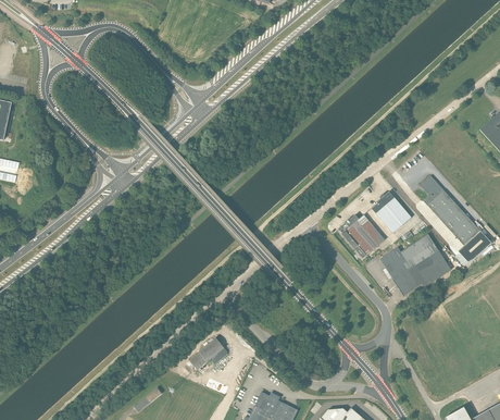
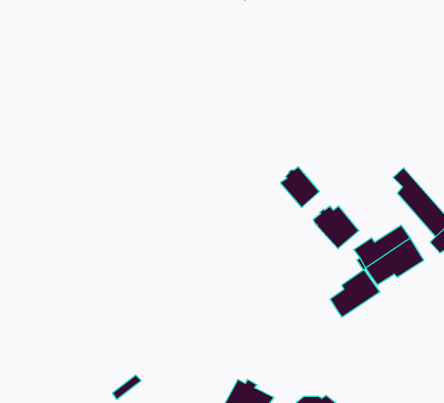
building: [371,192,411,233] -> [280,167,320,207]
building: none -> [330,270,380,317]
building: [188,337,227,370] -> none

